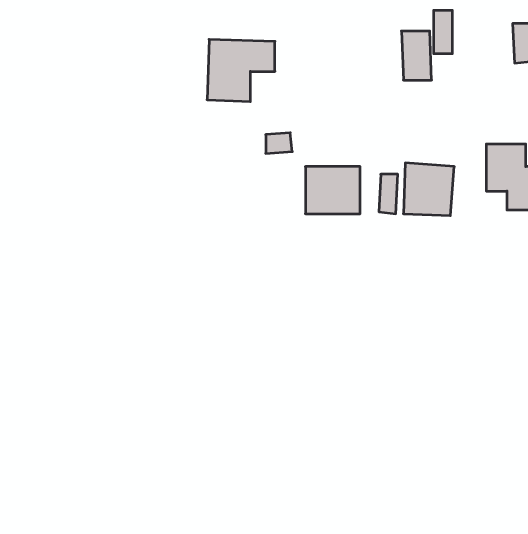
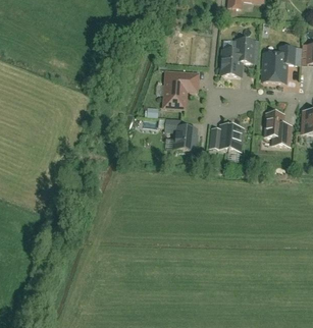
building: none -> [261,53,276,80]
building: [207,39,275,102] -> [163,72,200,106]

